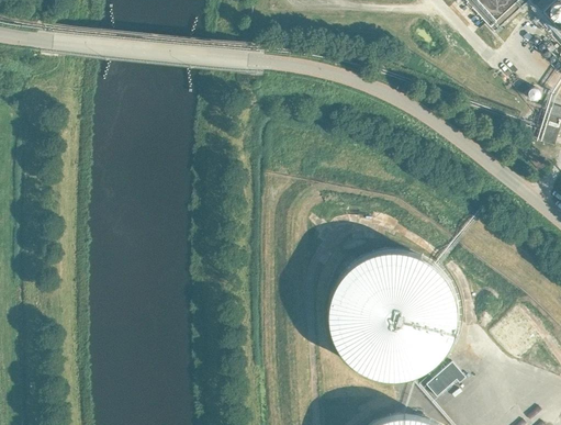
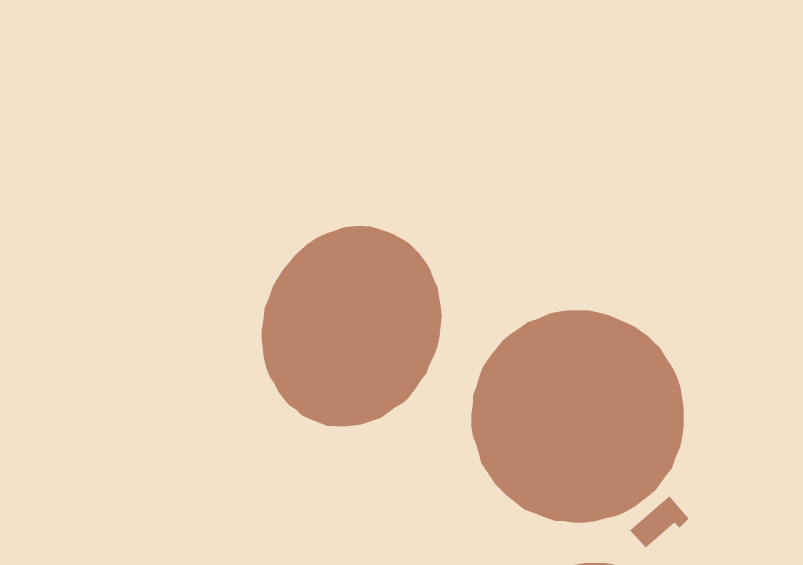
building: none -> [261,225,442,427]

